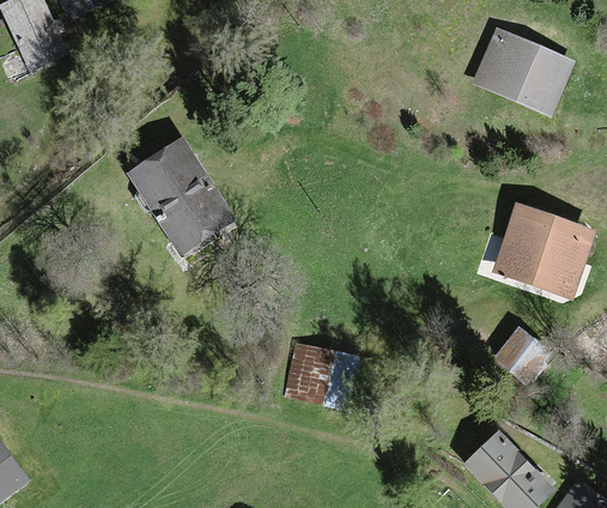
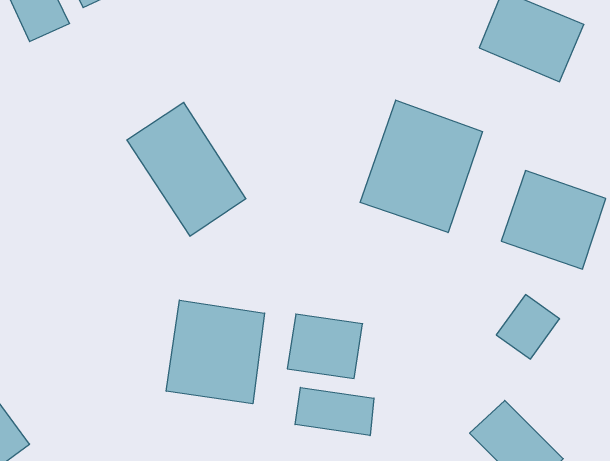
building: none -> [360,100,483,233]
building: none -> [166,300,265,404]
building: none -> [295,387,374,436]

